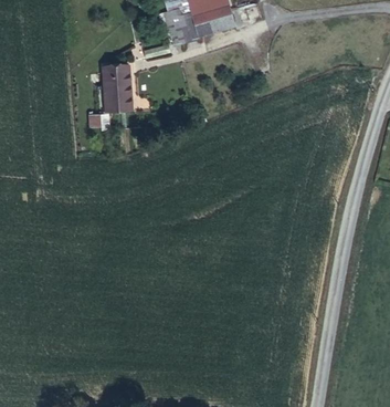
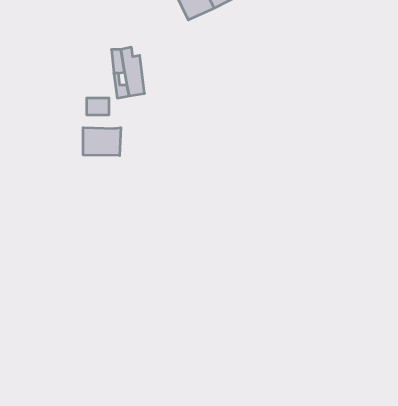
building: none -> [83,128,121,156]

